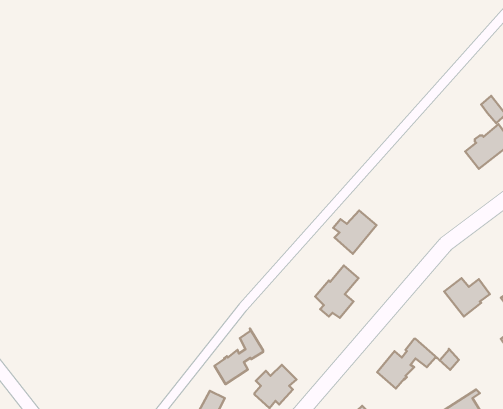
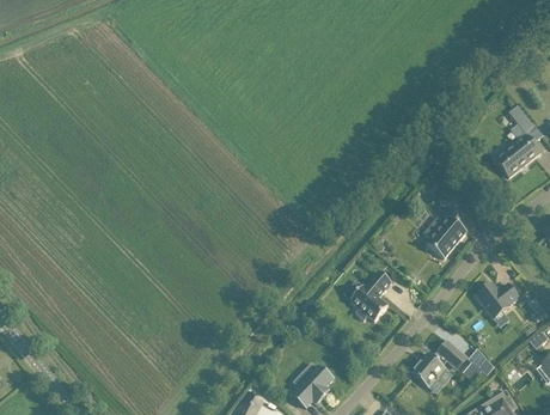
building: [333,210,377,254] -> [423,216,465,258]
building: [215,328,263,384] -> none

